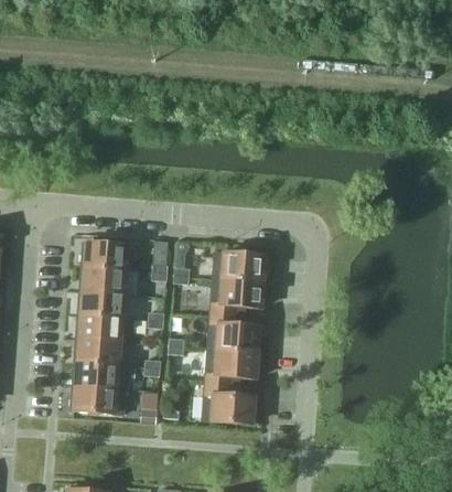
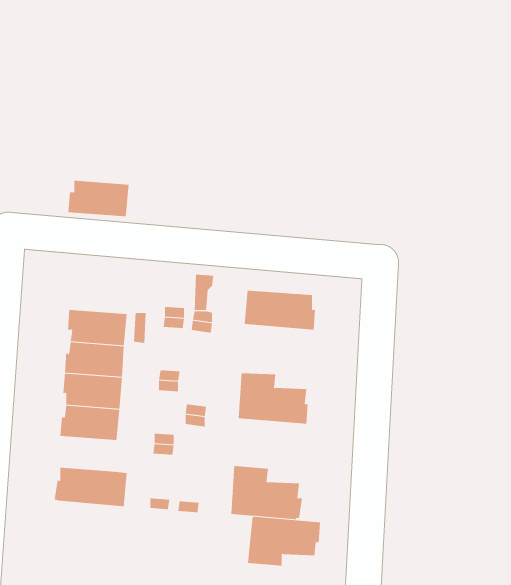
building: [82,243,128,270] -> [68,180,129,217]
building: [211,278,266,315] -> none
building: [205,349,260,386] -> [247,516,321,566]
building: [74,362,118,388] -> none

